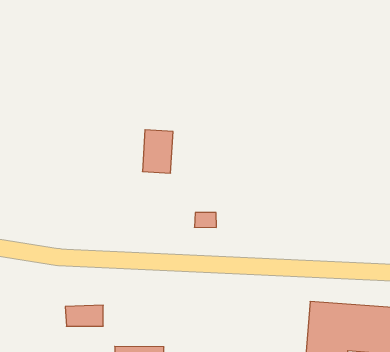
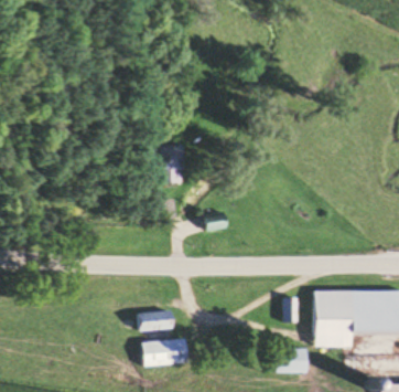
building: [65,305,103,326] -> [138,310,173,331]

